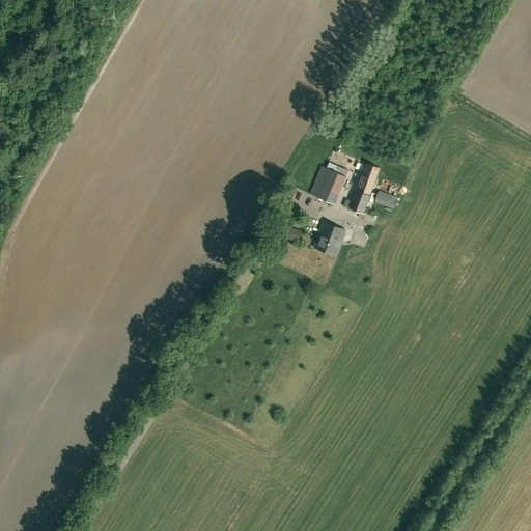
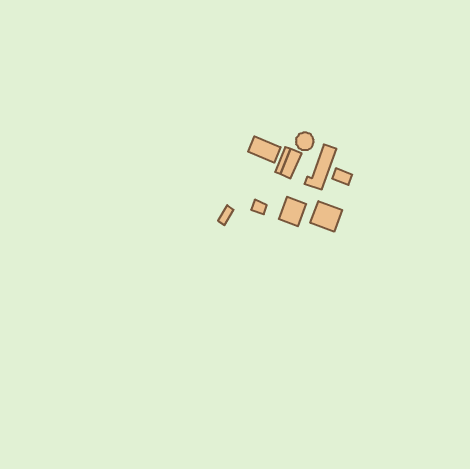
building: none -> [248,136,281,163]
building: none -> [310,201,342,232]

